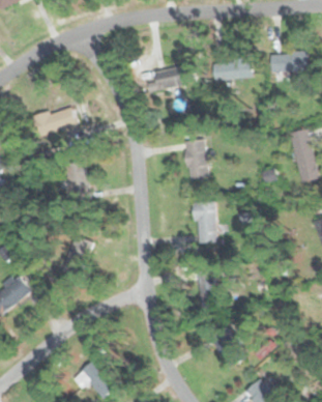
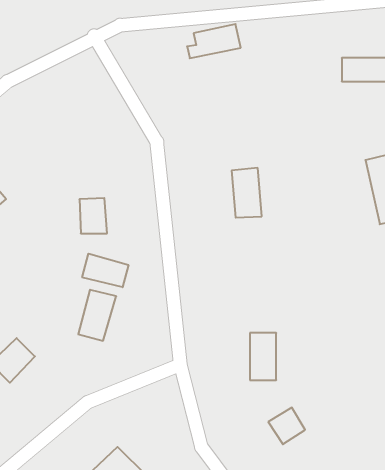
building: [218,59,251,80] -> none
building: [147,64,189,91] -> [187,24,241,58]
building: [29,105,76,136] -> none
building: [196,202,216,240] -> none
building: none -> [82,254,128,287]

